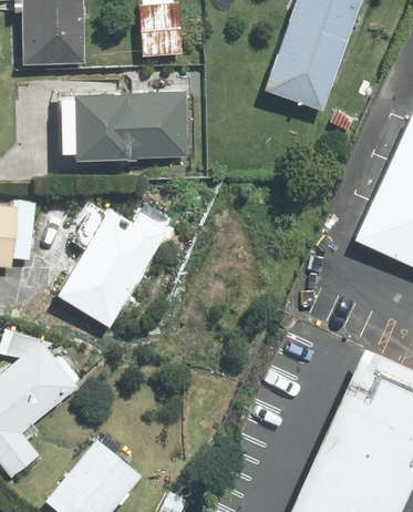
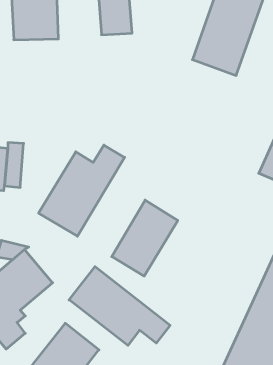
building: [56,94,187,161] -> none
building: none -> [112,200,178,276]
building: none -> [69,267,170,345]

